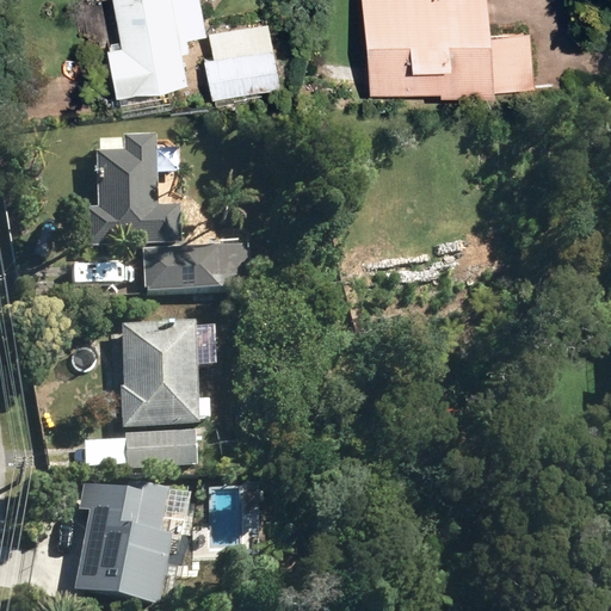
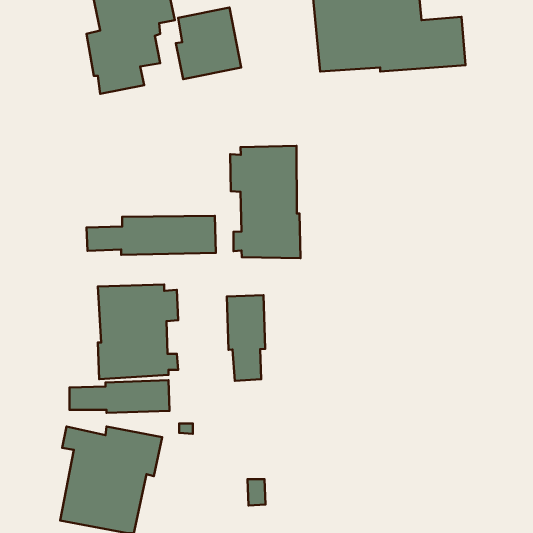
building: [85,131,181,246] -> none
building: none -> [230,146,301,258]
building: none -> [227,295,265,381]

